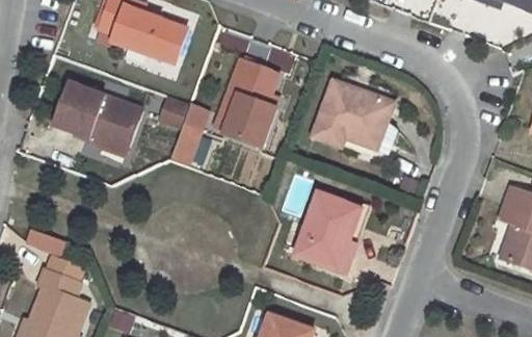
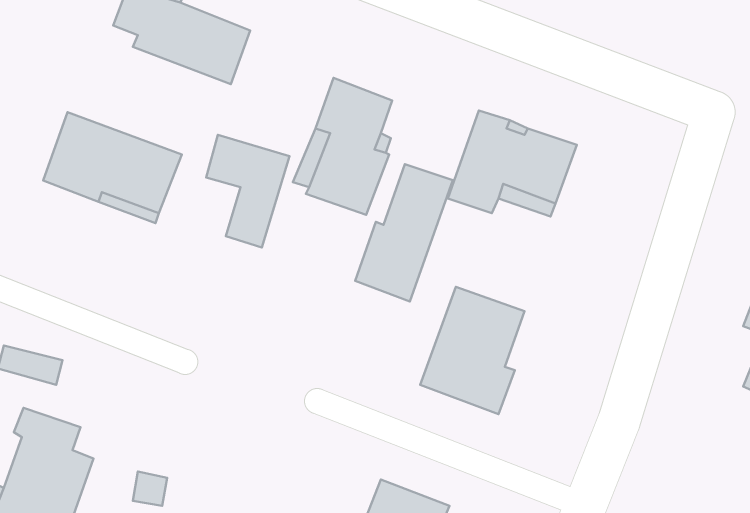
building: none -> [355,164,453,301]

